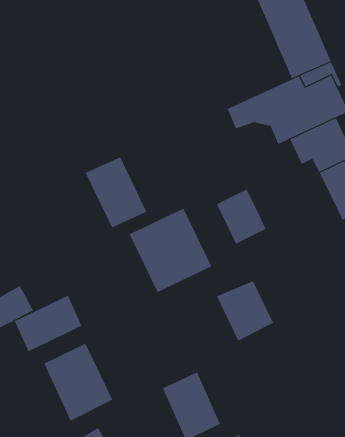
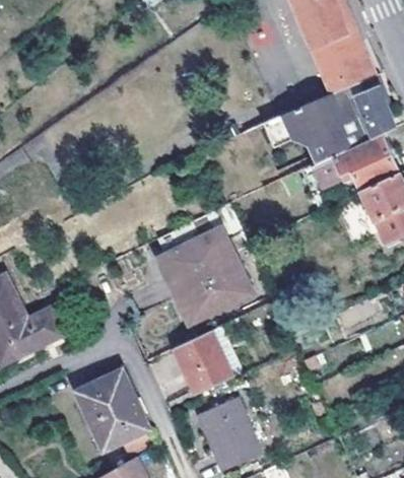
building: [85,156,147,228] -> none
building: [216,188,266,245] -> none
building: [216,281,274,341] -> [171,333,230,396]
building: [14,295,82,352] -> none

